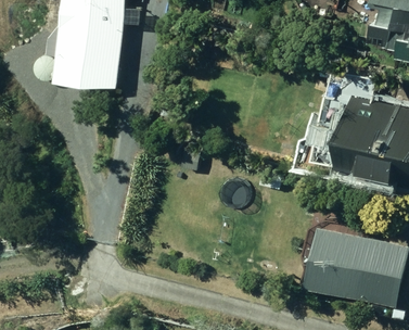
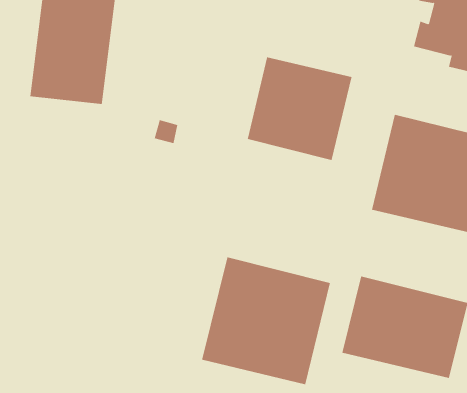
building: none -> [247,57,352,161]
building: none -> [202,257,330,385]

